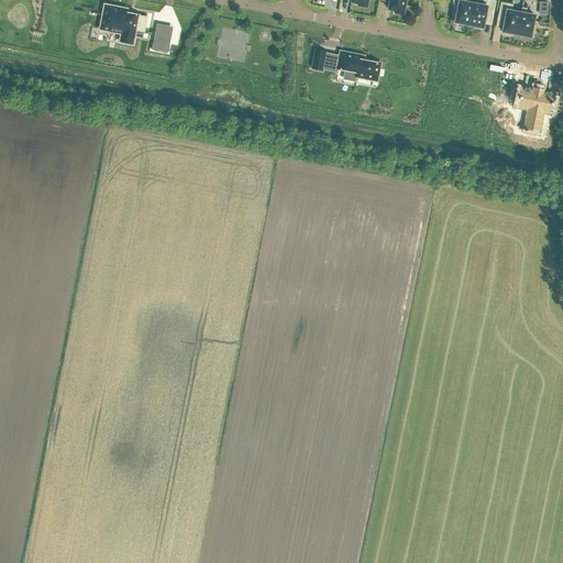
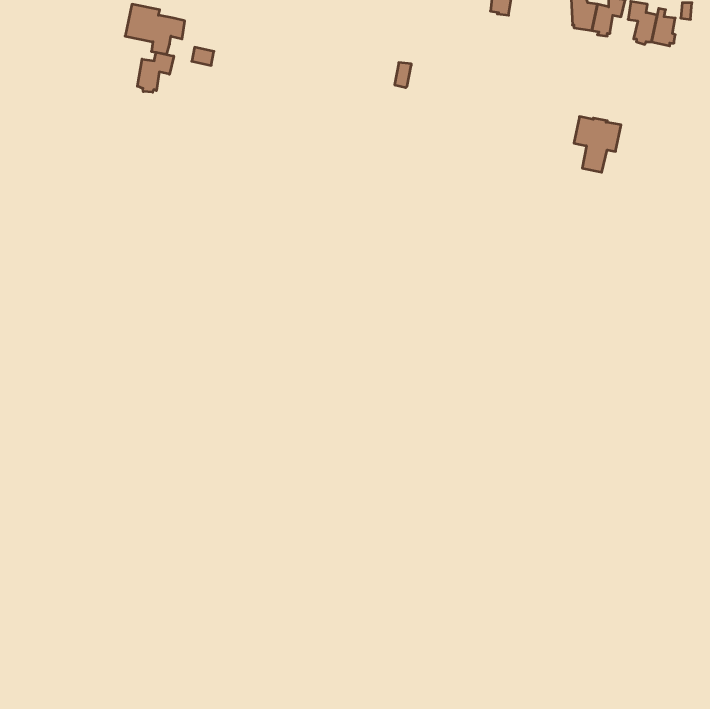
building: none -> [137,52,174,92]
building: [336,51,380,80] -> none
building: [517,86,554,130] -> [574,117,621,172]

